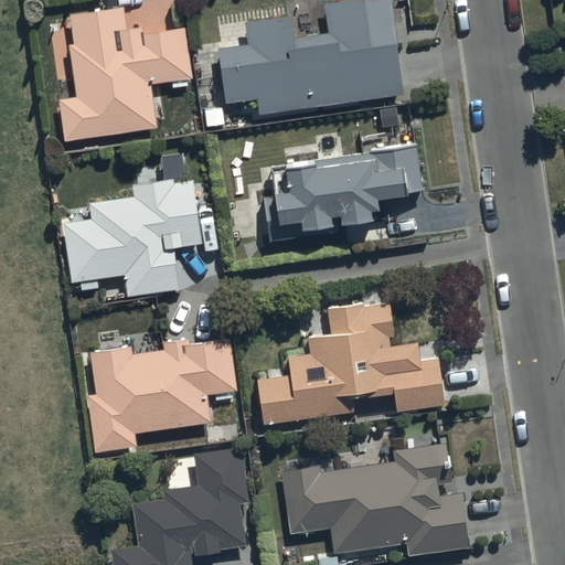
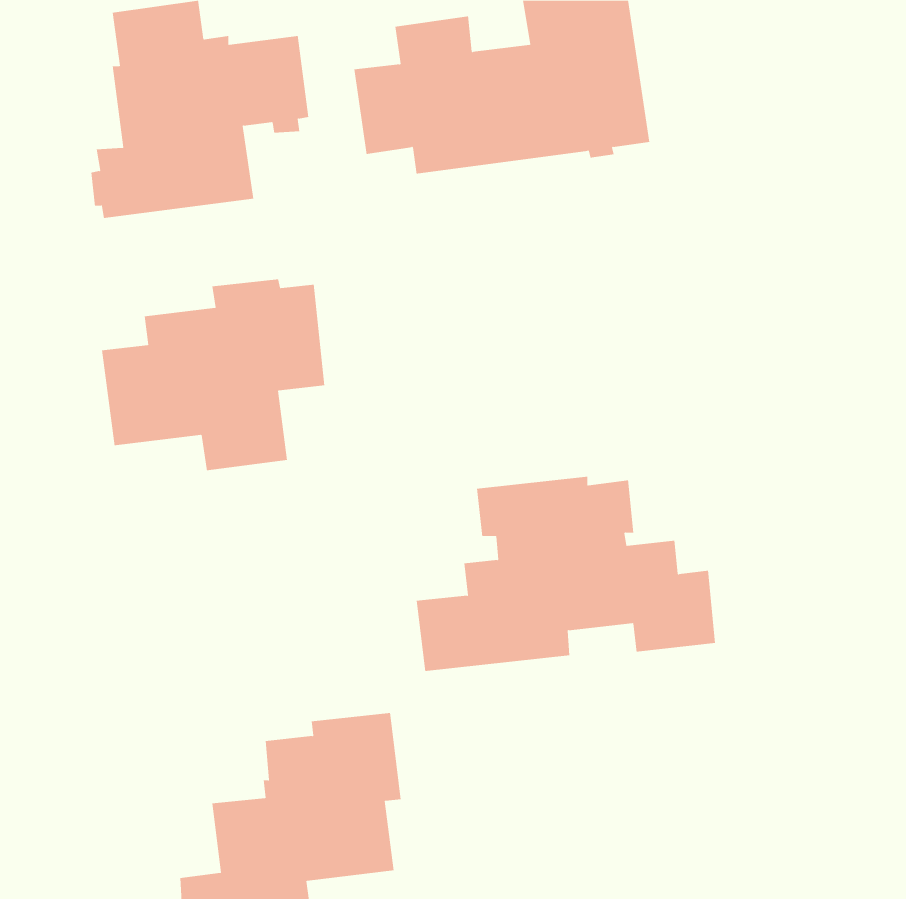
building: [265,145,423,242] -> none
building: [87,338,236,452] -> none
building: [282,445,469,554] -> none

